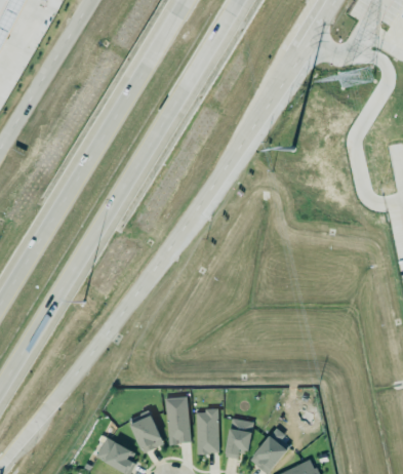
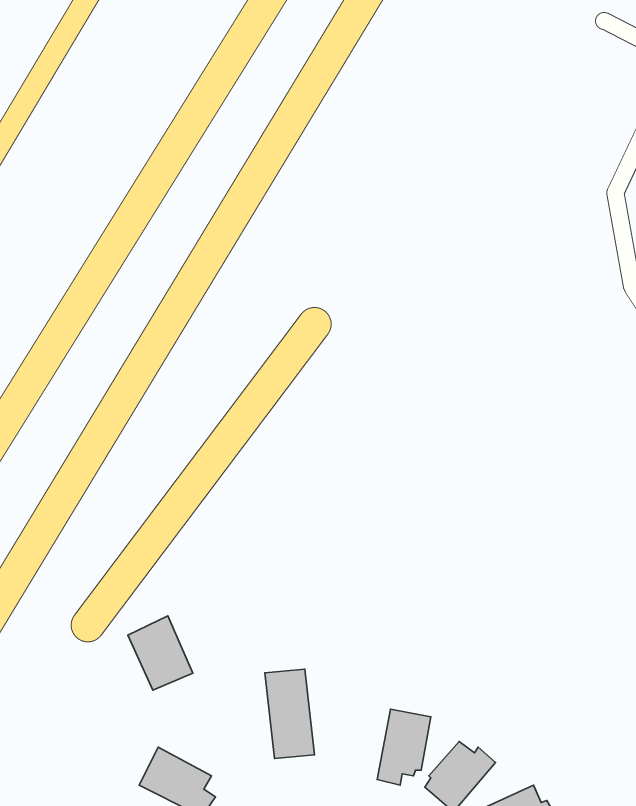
building: [196,407,218,453] -> none
building: [129,412,164,452] -> [128,616,193,690]

